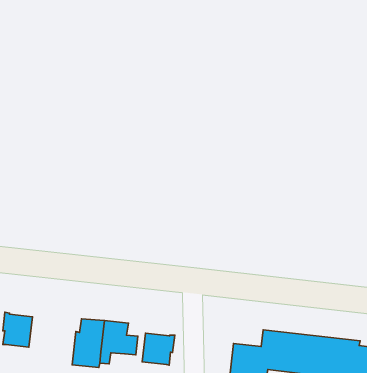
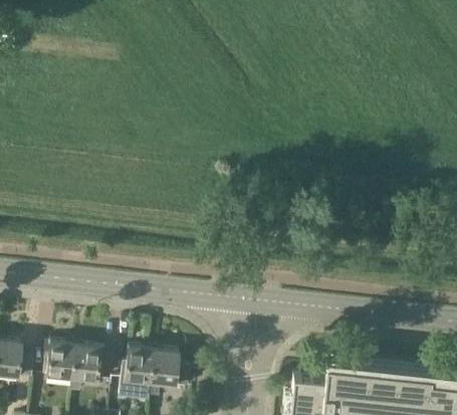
building: none -> [70,346,104,393]
building: [142,333,175,365] -> none

